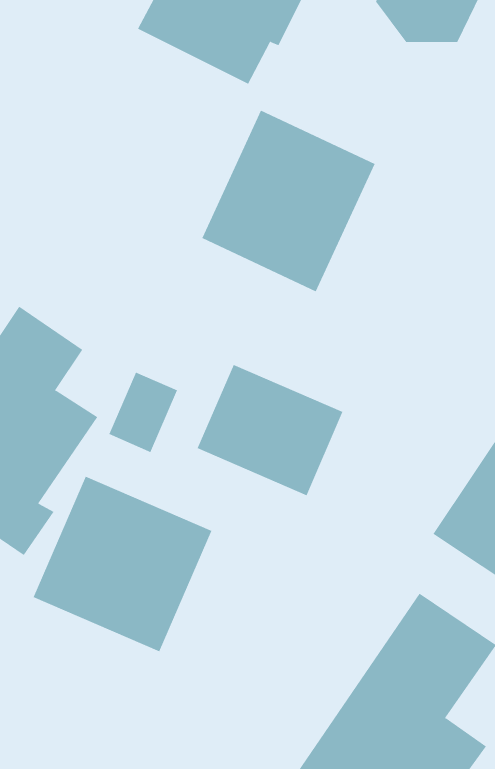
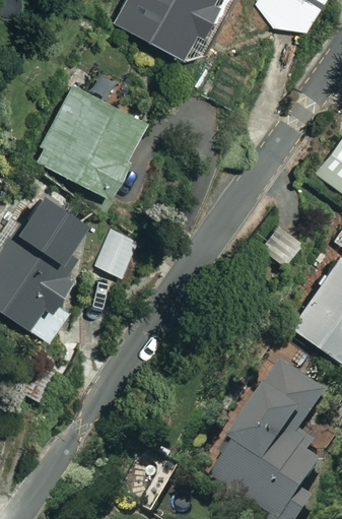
building: [201,110,375,292] -> [37,85,141,195]
building: [197,364,343,496] -> none
building: [33,476,212,652] -> none

